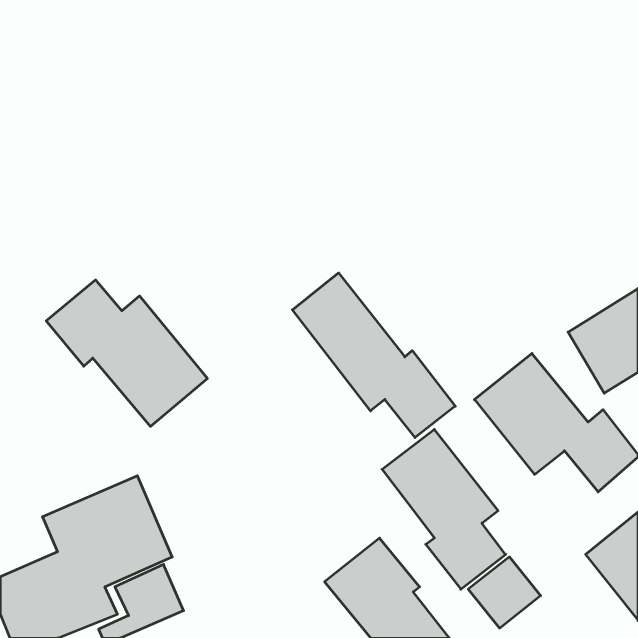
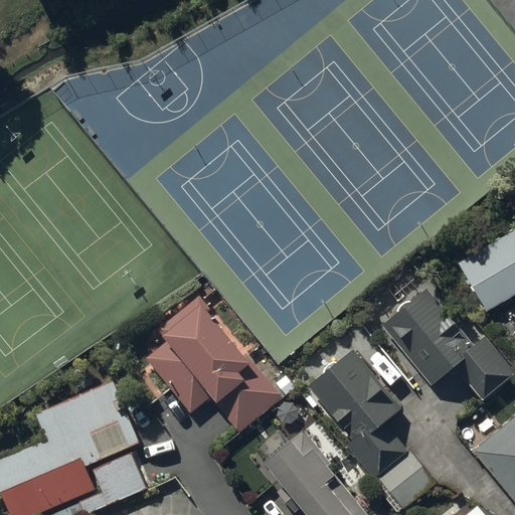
building: [292,273,455,438] -> none
building: [46,280,207,426] -> none
building: none -> [146,300,283,437]

